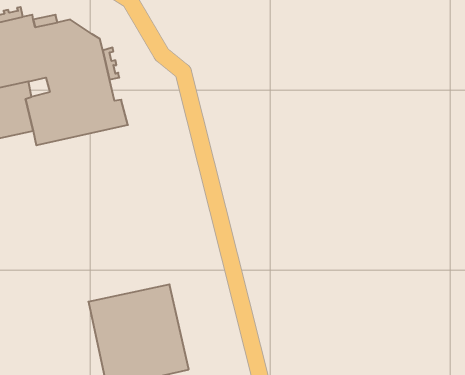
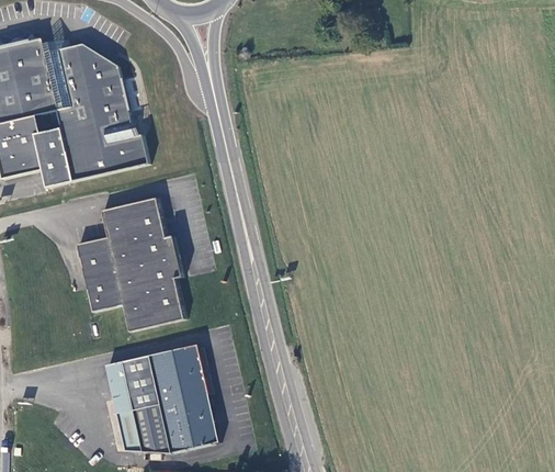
building: none -> [76,196,182,329]

